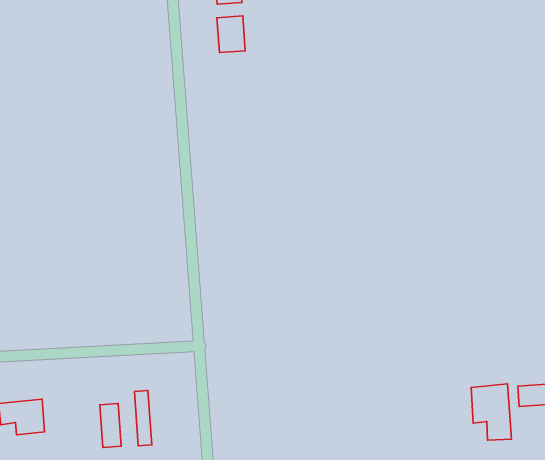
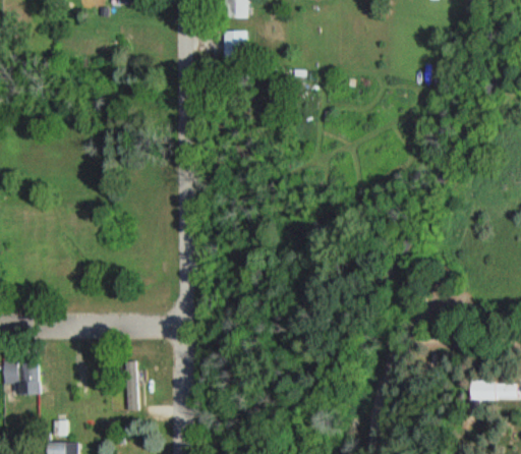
building: [471,384,511,440] -> none
building: [100,404,121,448] -> none

